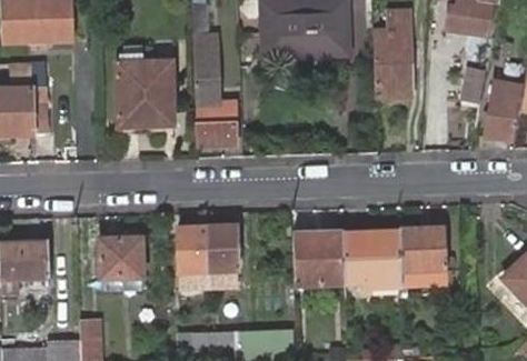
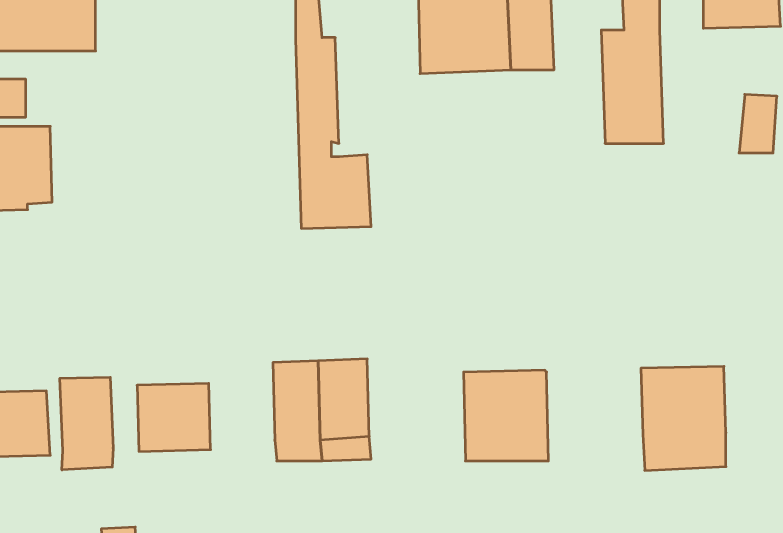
building: [116,60,175,124] -> none
building: [342,229,400,290] -> none
building: none -> [60,377,113,470]

